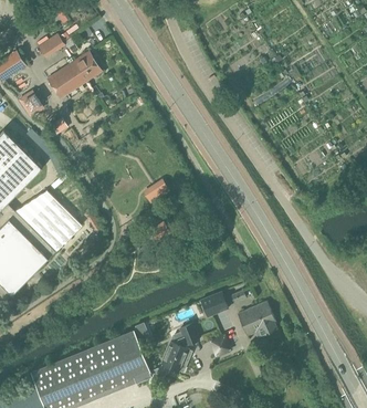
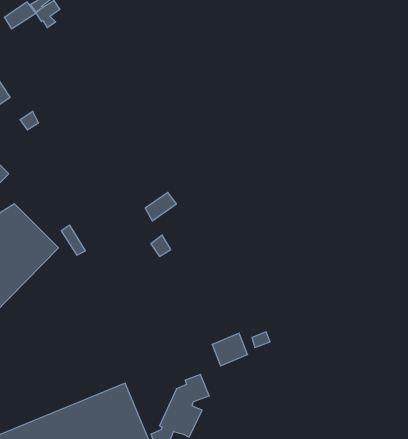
building: [46,52,101,98] -> none
building: [237,302,280,341] -> none

